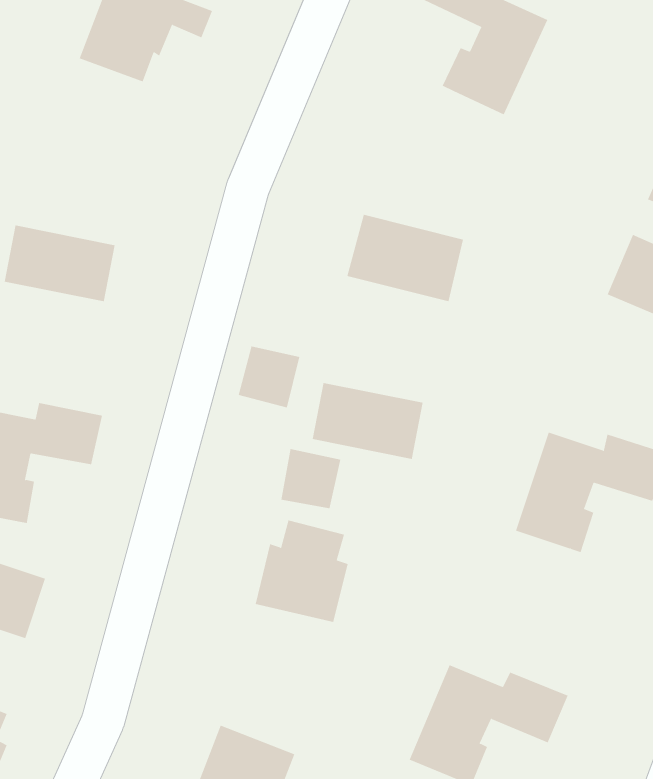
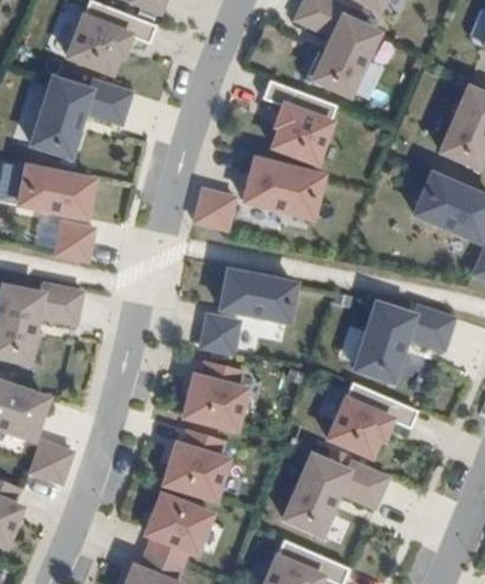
building: none -> [31,79,132,159]
building: none -> [263,81,336,162]
building: none -> [56,224,95,262]
building: [238,346,300,408] -> [194,190,235,231]
building: none -> [328,381,418,455]
building: none -> [163,429,226,499]
building: none -> [31,441,74,484]

